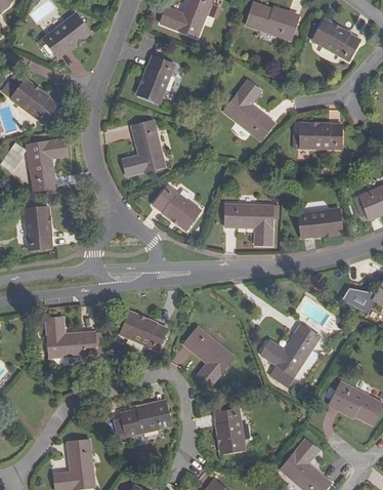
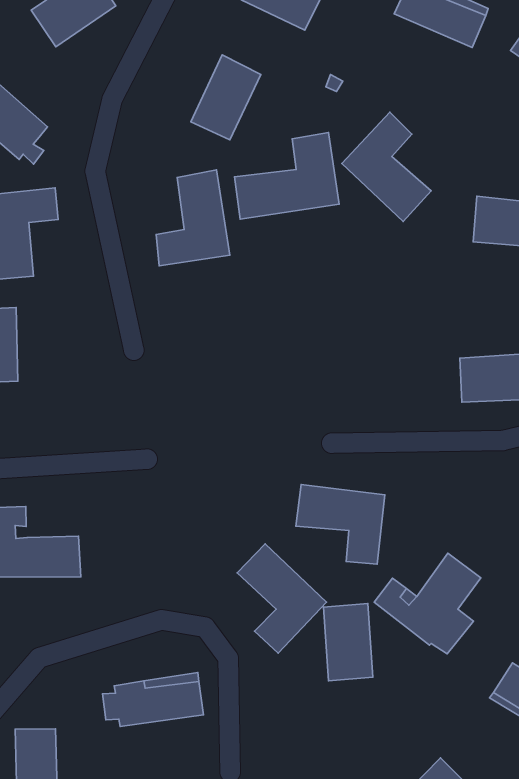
building: none -> [235,133,339,219]
building: [153,186,201,231] -> none
building: [225,204,273,245] -> [296,485,385,564]
building: [120,312,167,350] -> none
building: [214,408,245,453] -> [324,603,373,681]

